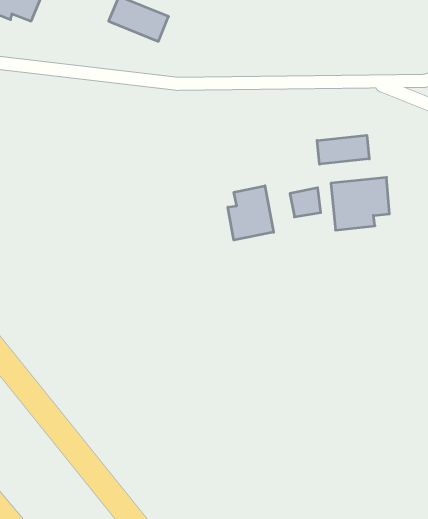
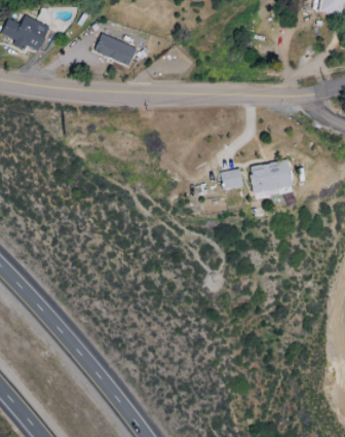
building: [317,135,369,164] -> none
building: [228,186,274,240] -> none

